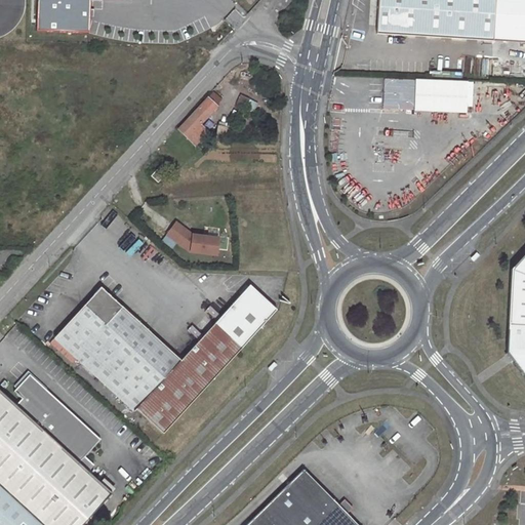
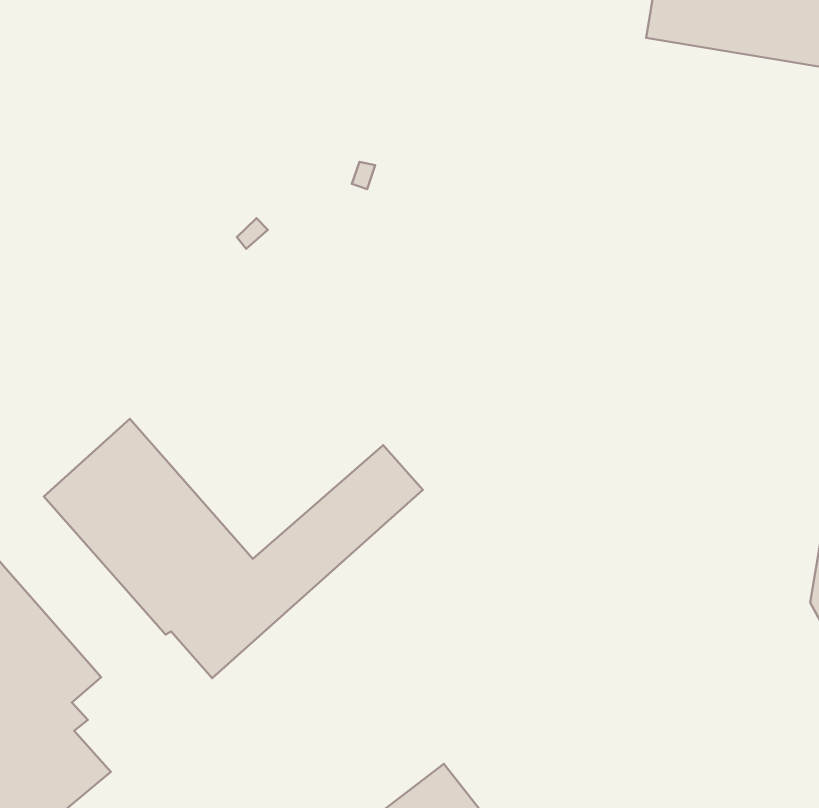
building: [383,77,474,112] -> none
building: [178,97,217,145] -> none
building: [168,223,220,255] -> none

